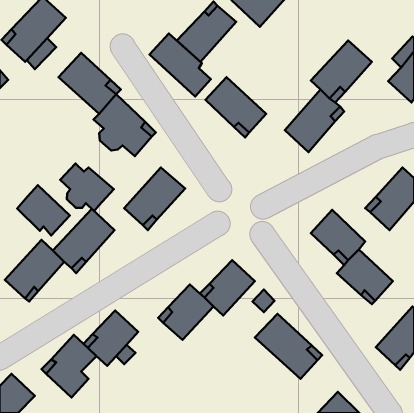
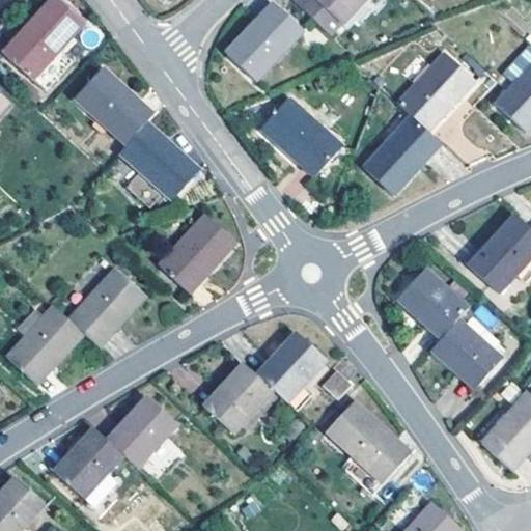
building: [150,33,211,96] -> none
building: [60,163,114,211] -> none
building: [17,185,70,235] -> none

